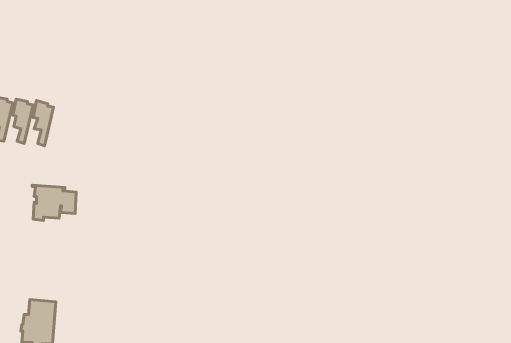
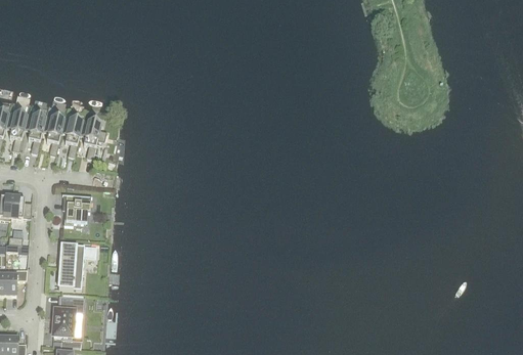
building: none -> [80,118,104,158]
building: none -> [56,242,94,287]

